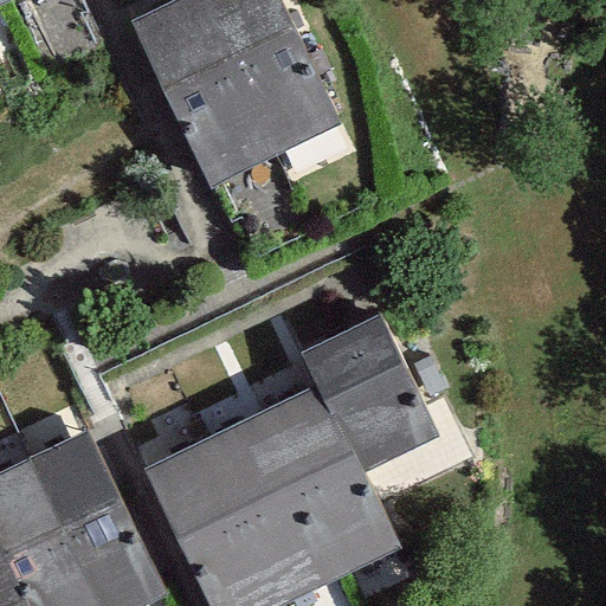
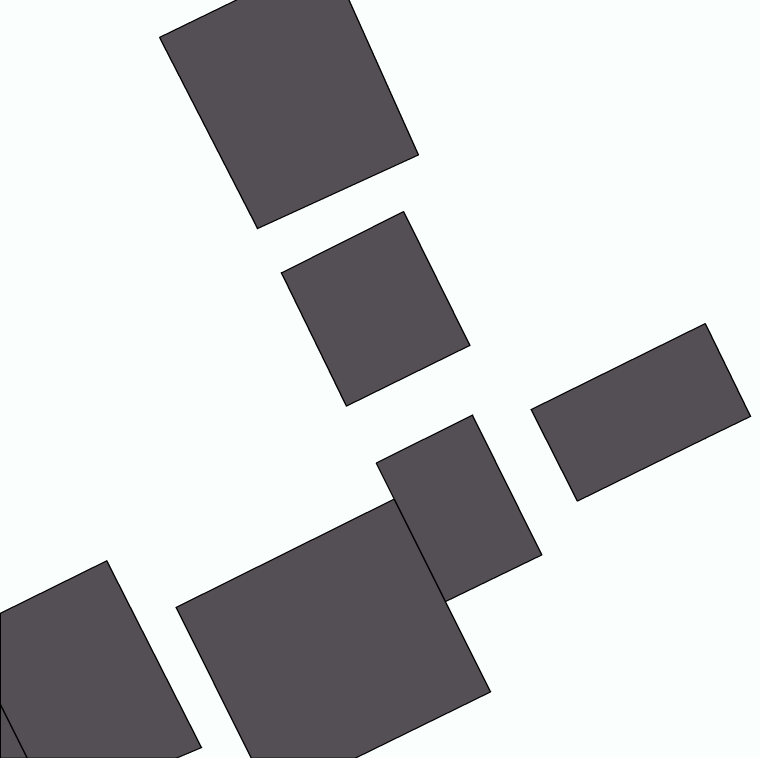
building: none -> [281,212,470,406]
building: none -> [531,324,750,501]

